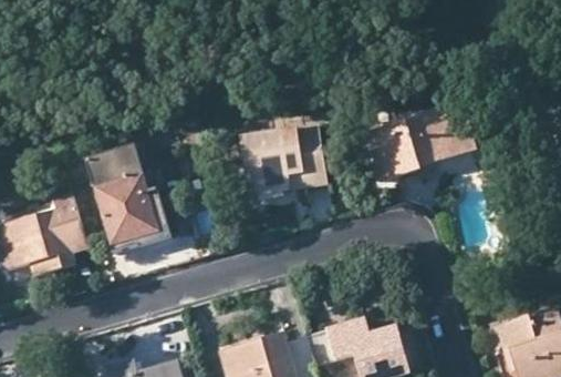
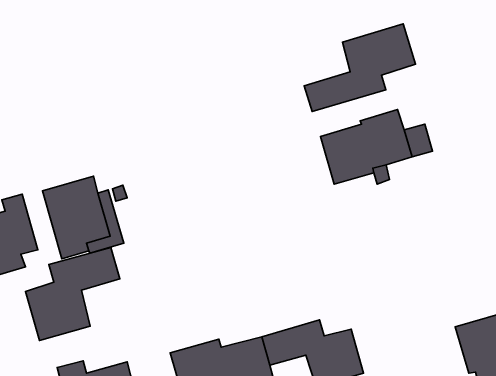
building: none -> [304,24,415,112]
building: [240,122,328,192] -> none
building: [85,149,144,192] -> none
building: none -> [25,247,120,340]

